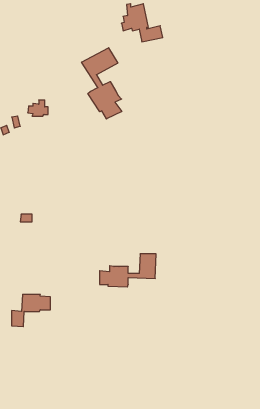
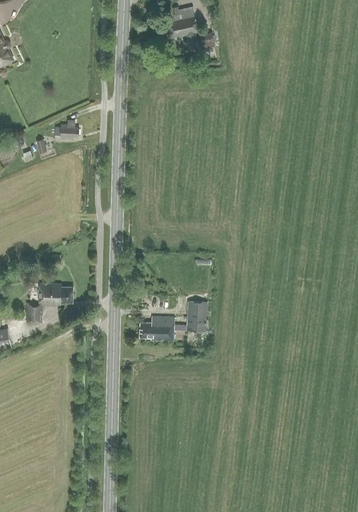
building: [82,48,122,119] -> none
building: [12,294,50,327] -> [27,284,73,322]

